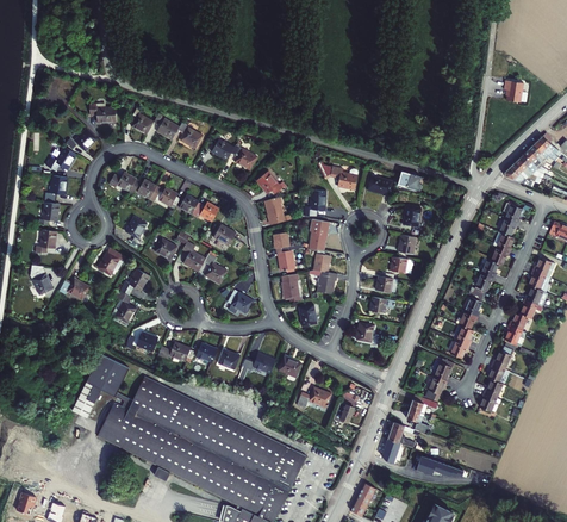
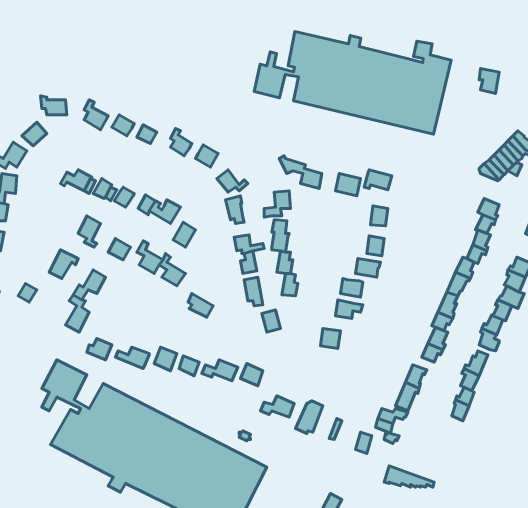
building: none -> [254,32,451,134]

